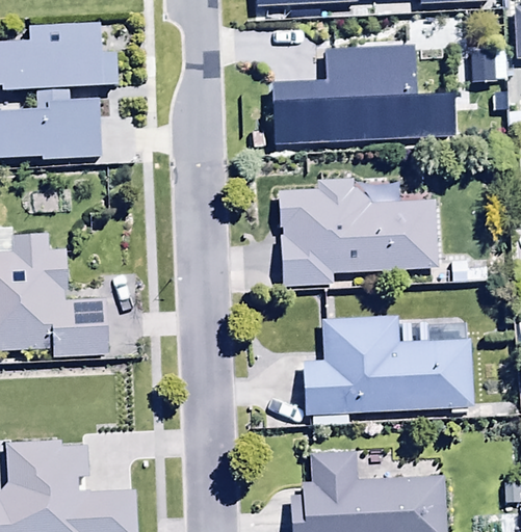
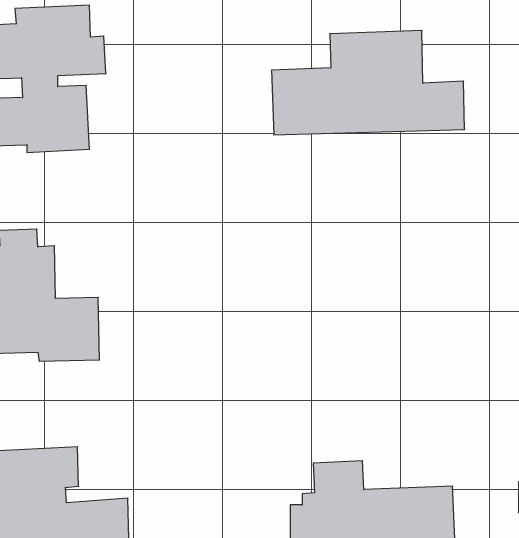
building: [277,178,438,286] -> none
building: [302,316,477,414] -> none

